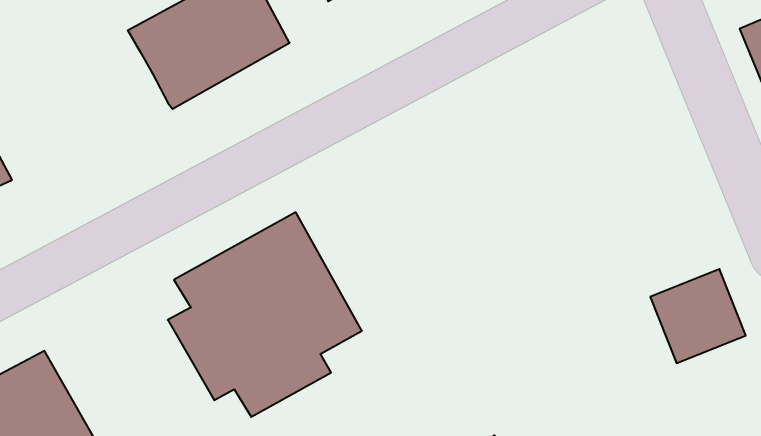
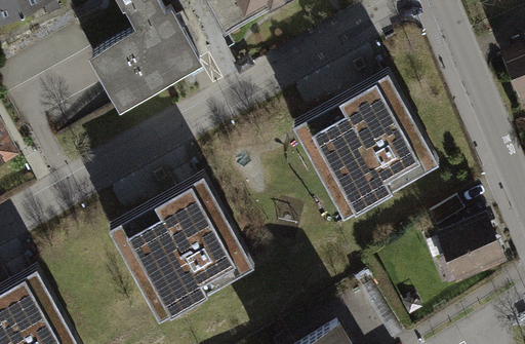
building: none -> [305,74,433,209]

